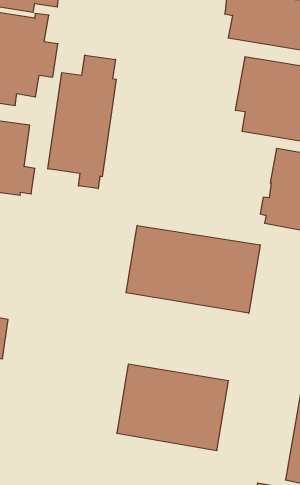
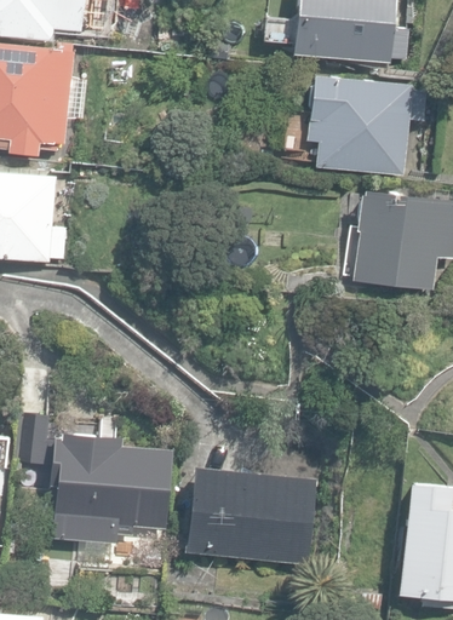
building: [48,55,116,189] -> none
building: [126,225,260,313] -> none
building: none -> [55,429,176,540]

